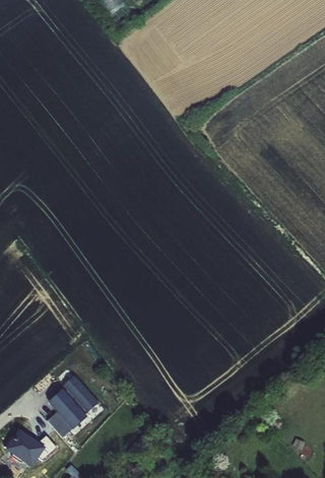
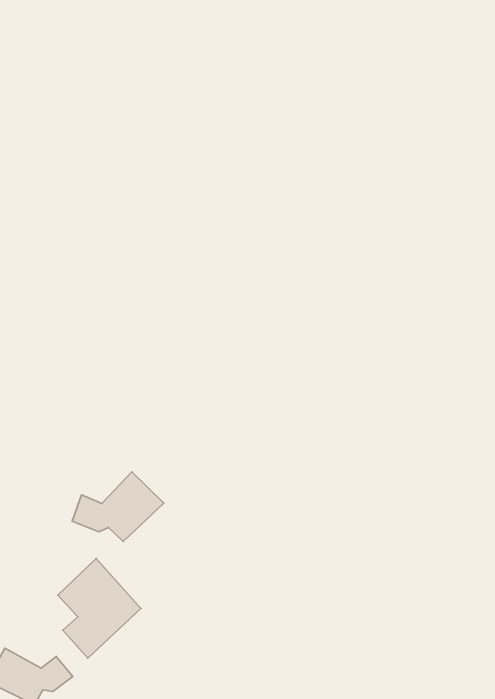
building: none -> [72,472,164,541]

